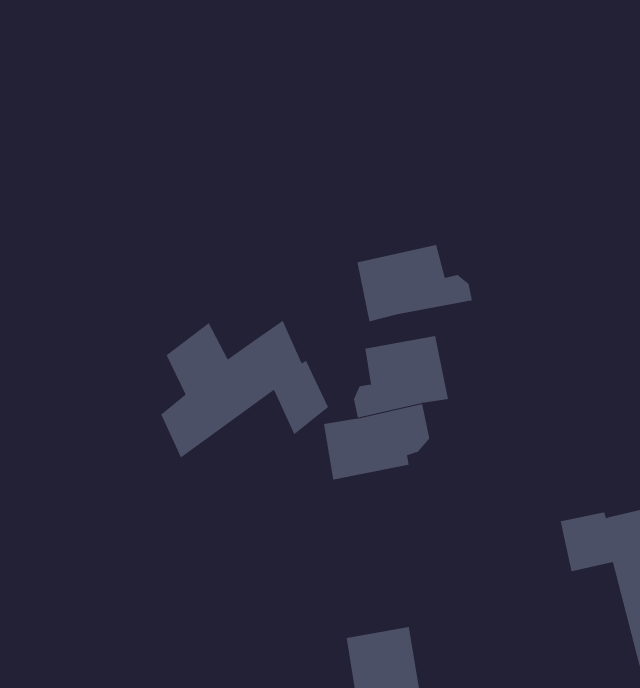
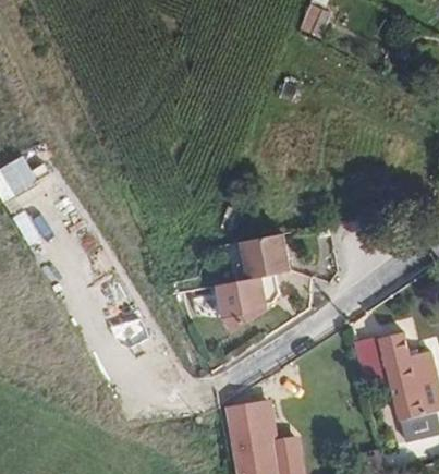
building: [357,244,473,322] -> none
building: [161,320,329,458] -> none

